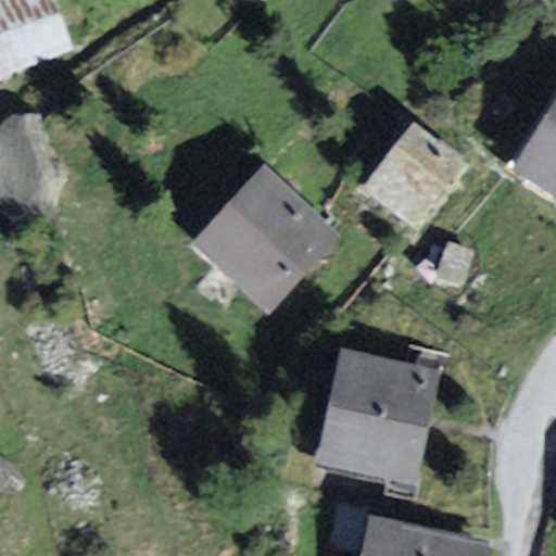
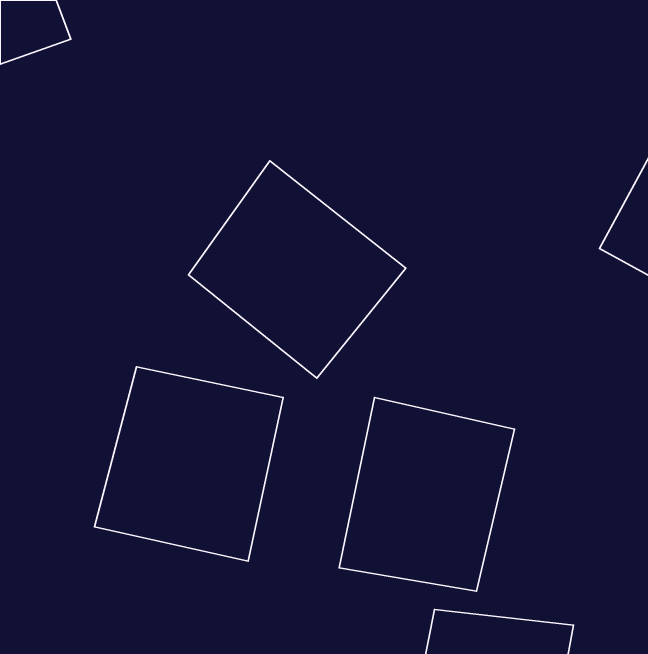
building: [356,110,475,237] -> none
building: none -> [94,367,283,561]

